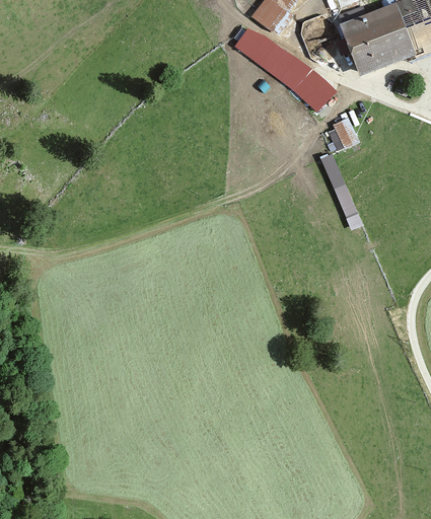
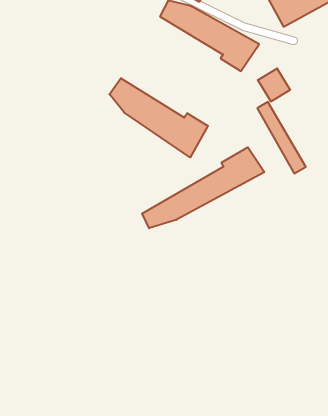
building: none -> [109,78,208,157]
building: none -> [142,147,264,228]

